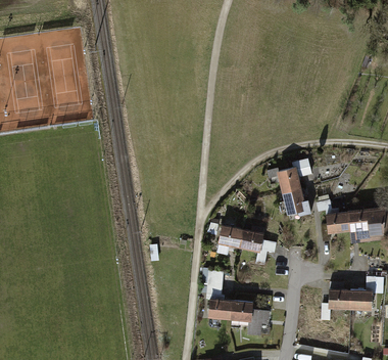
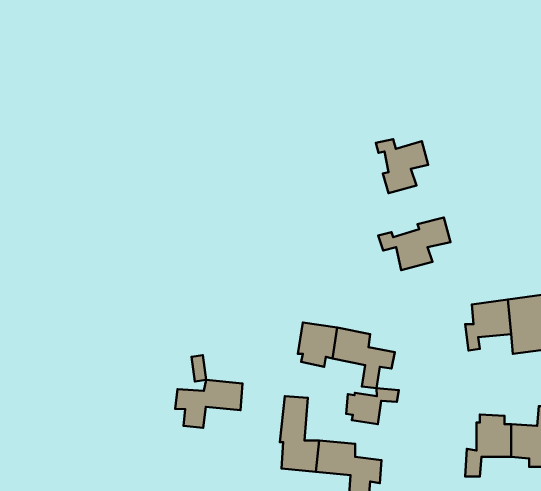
building: none -> [376,139,428,193]
building: [281,187,305,213] -> none
building: none -> [175,380,242,428]
building: none -> [346,388,399,424]

